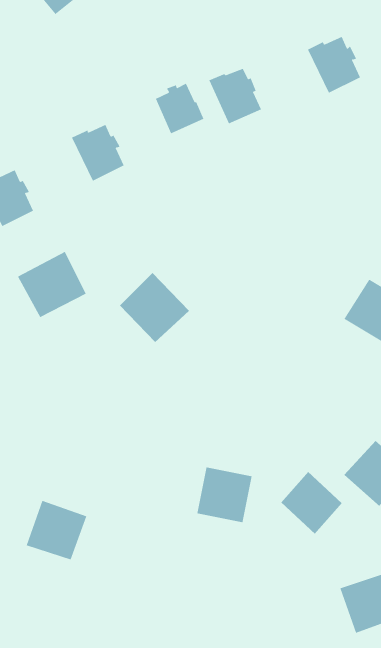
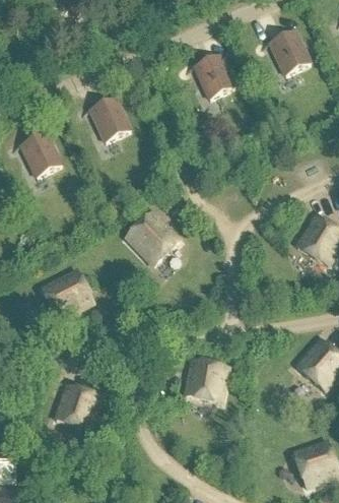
building: [155,83,204,134] -> none
building: [17,251,86,318] -> [40,268,92,319]
building: [280,471,343,534] -> none

